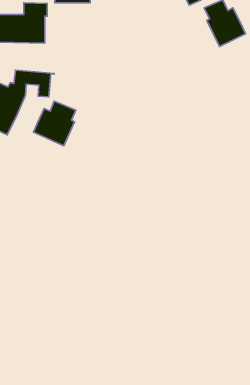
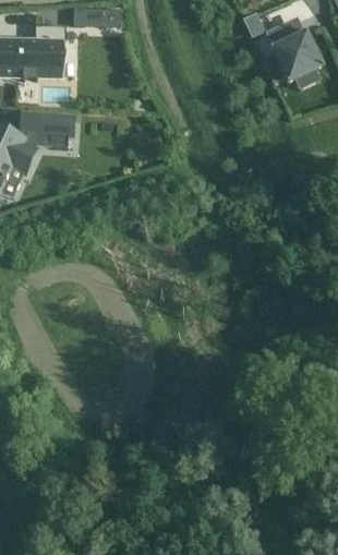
building: [34,101,76,146] -> none

